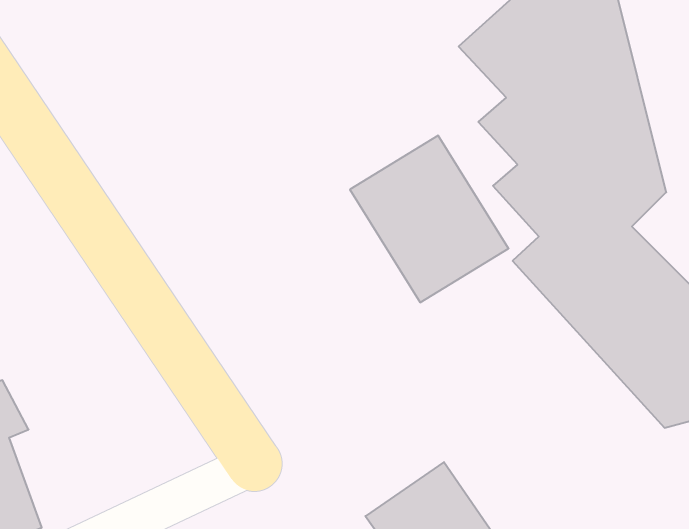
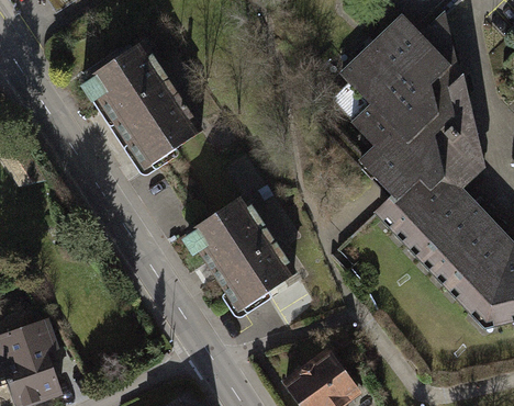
building: none -> [85,42,206,174]
building: [350,136,509,302] -> [188,199,294,311]

